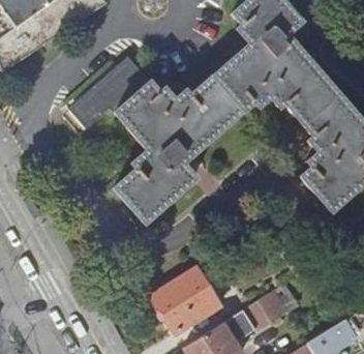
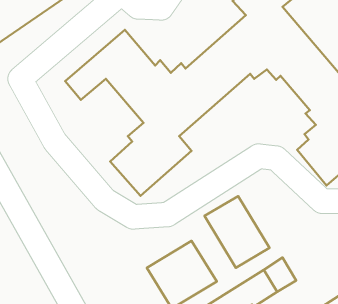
building: none -> [205,196,269,268]

